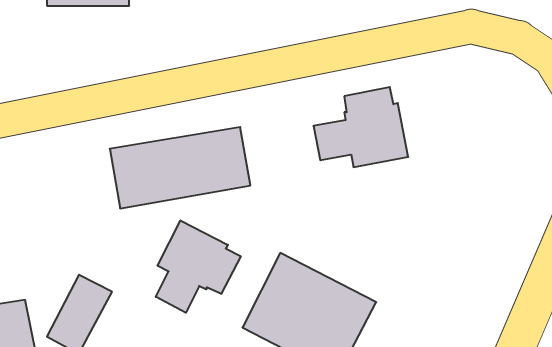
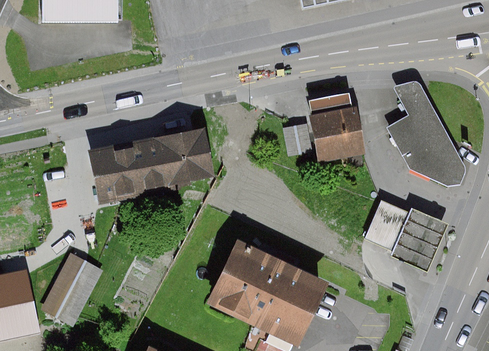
building: none -> [382,83,460,189]
building: none -> [361,201,445,273]
building: [156,220,241,313] -> none

